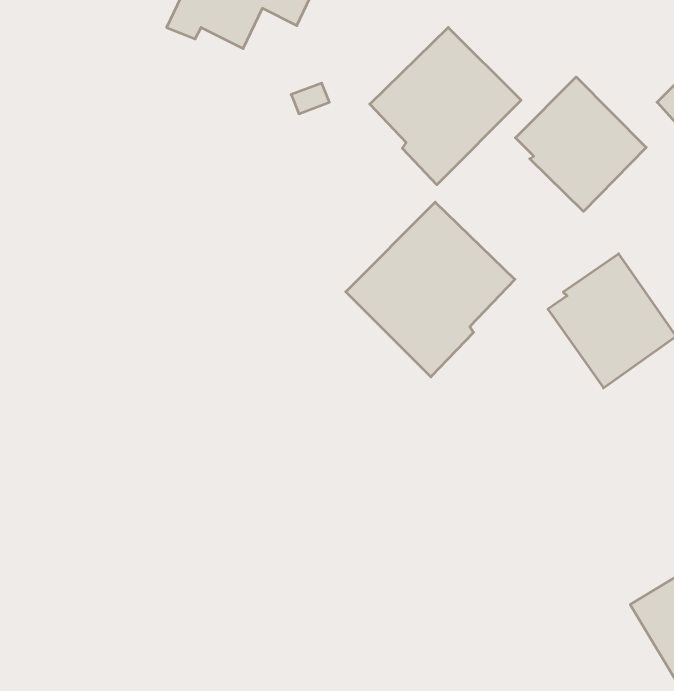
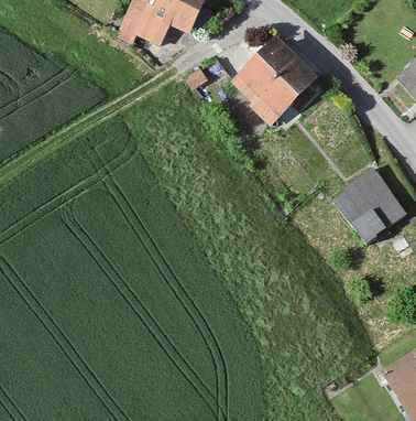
building: [515,77,646,211] -> none
building: [346,202,515,377] -> none

